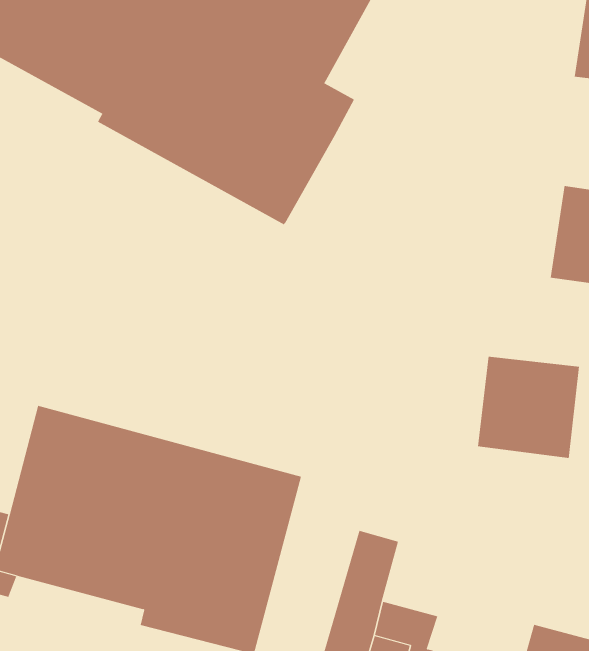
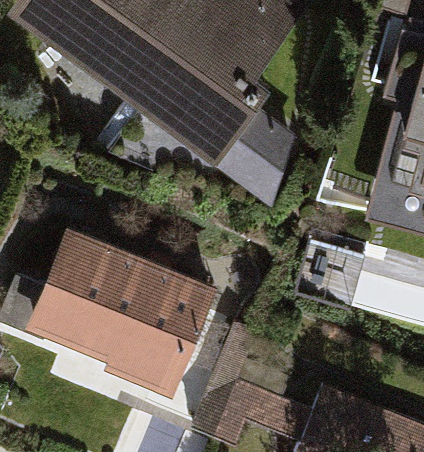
building: none -> [220,111,293,194]

